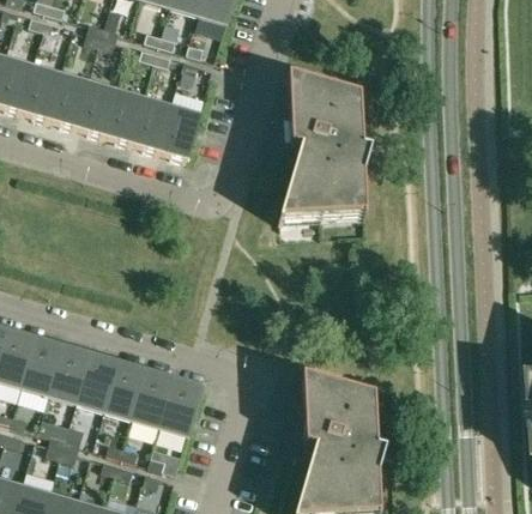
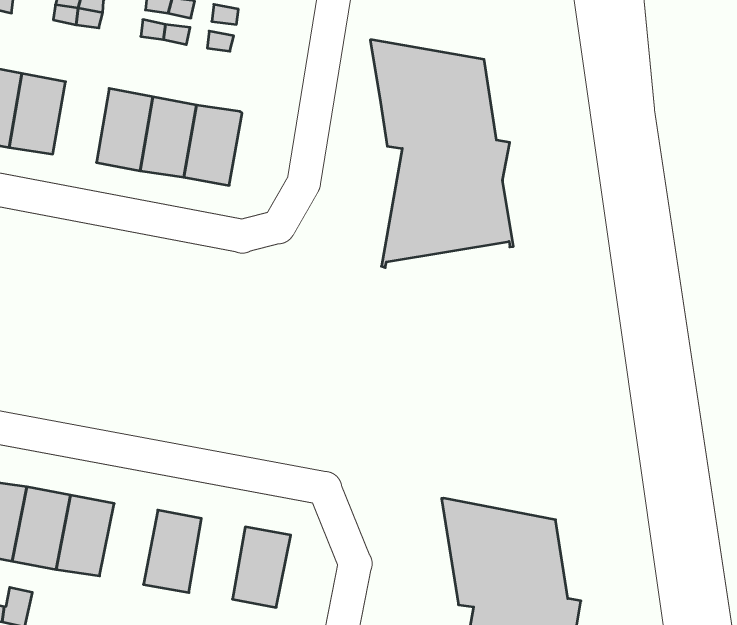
building: [75,81,116,135] -> none
building: [77,356,119,410] -> none
building: [133,371,174,425] -> none

